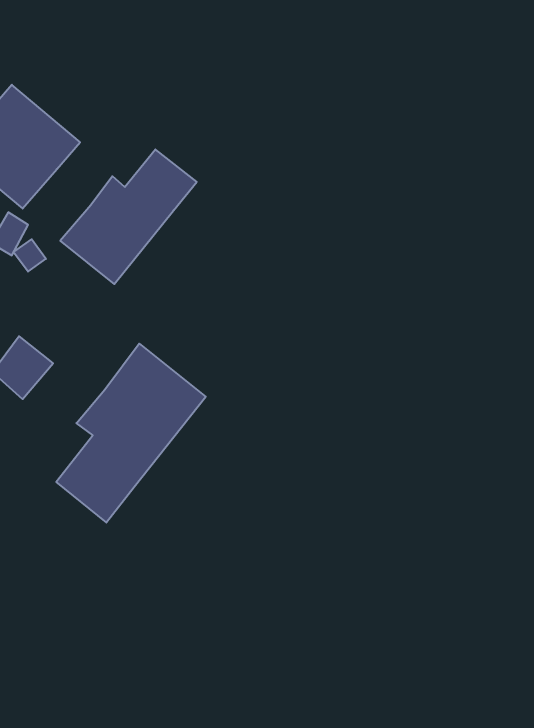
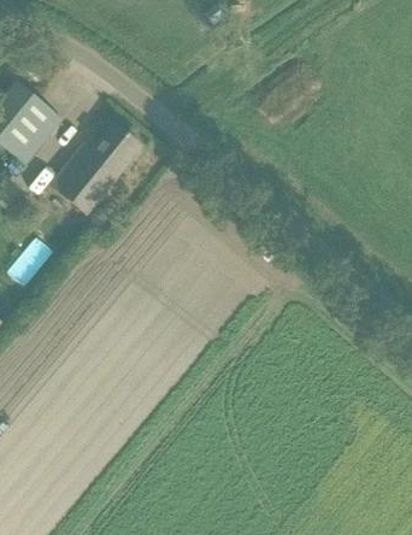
building: [56,344,206,523] -> none

